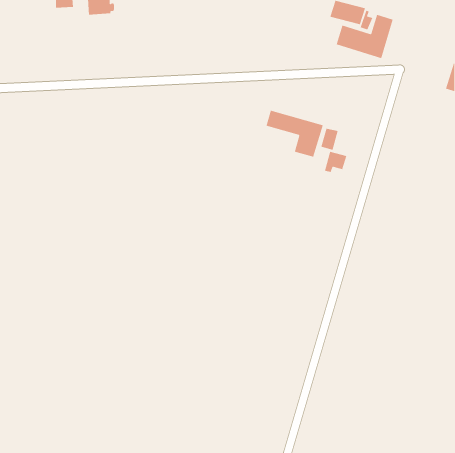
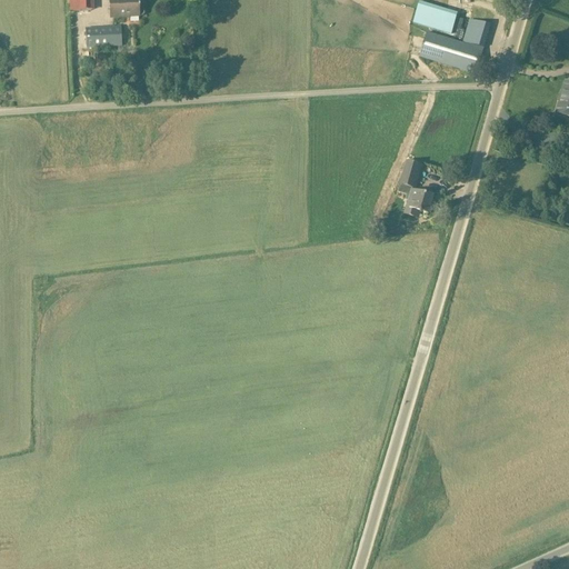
building: none -> [86,24,122,47]
building: [266,110,324,157] -> none

